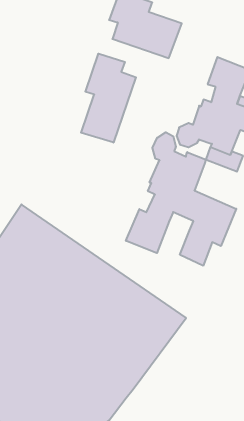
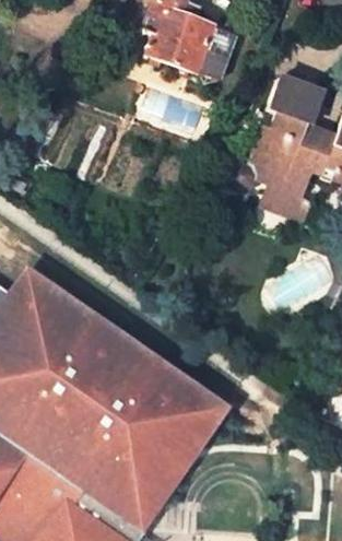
building: [81,54,136,143] -> none
building: [126,132,236,266] -> none

